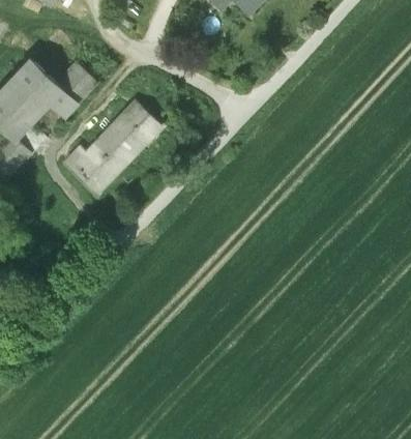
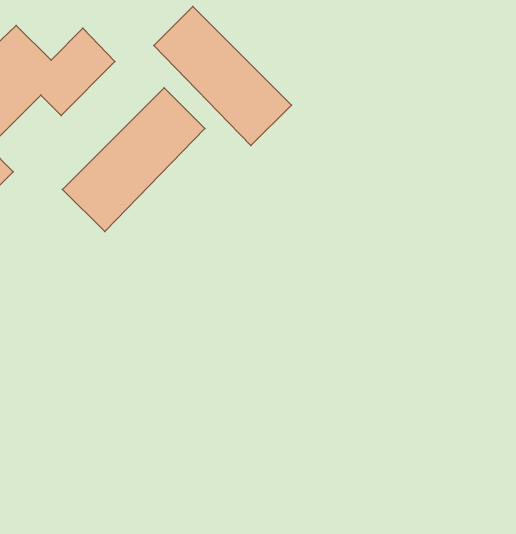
building: none -> [154,6,291,145]

